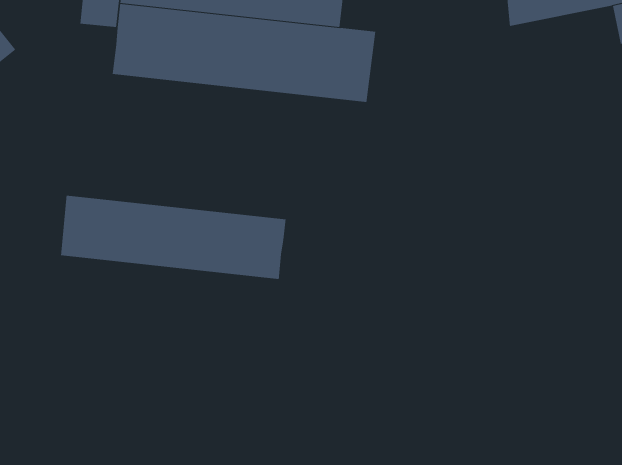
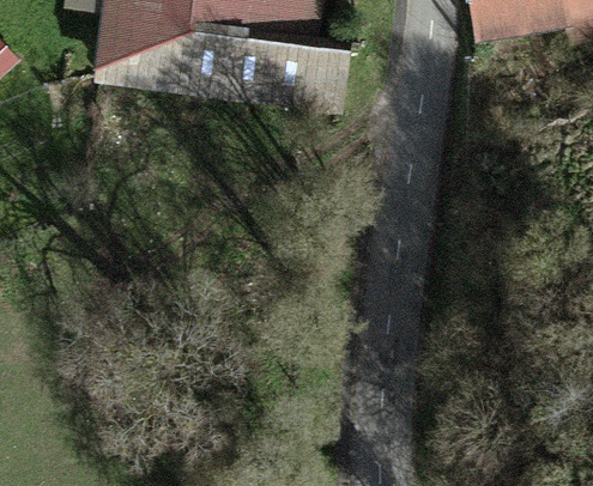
building: [61,195,286,280] -> none

